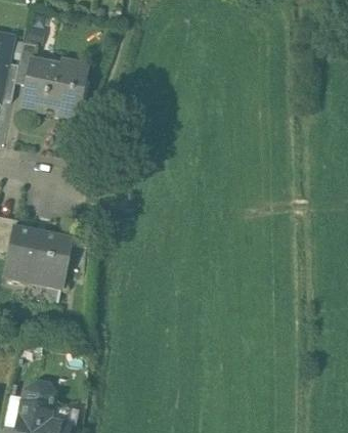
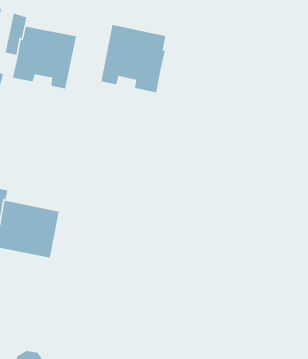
building: none -> [101,24,166,93]

